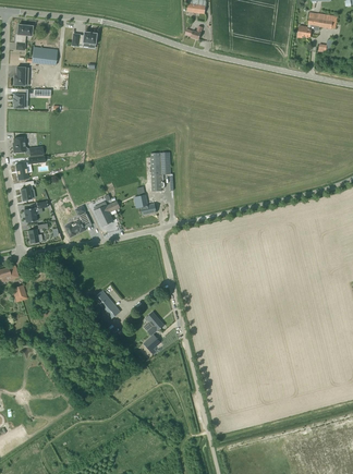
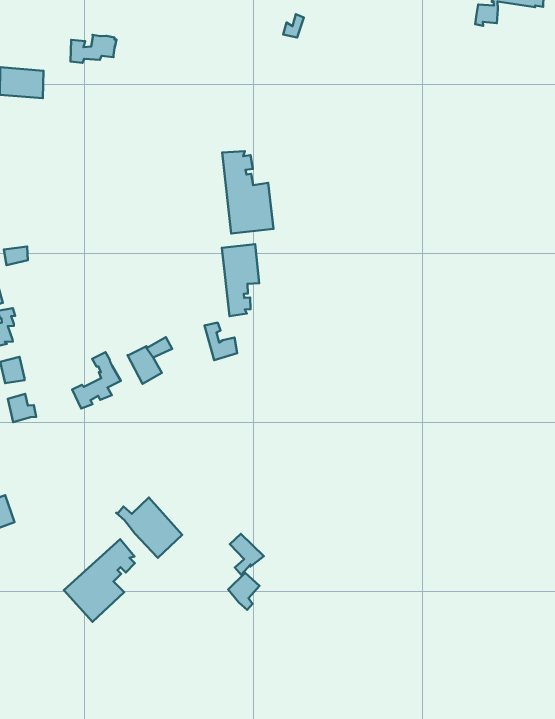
building: none -> [222,151,274,233]
building: none -> [64,539,135,622]

